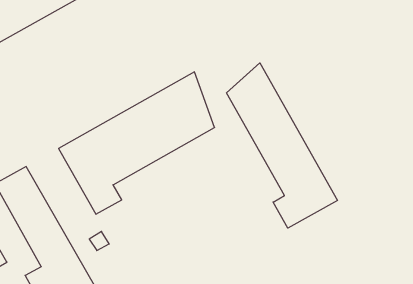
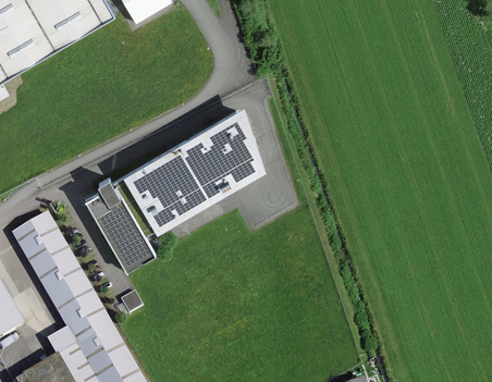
building: [227,63,337,228] -> none

